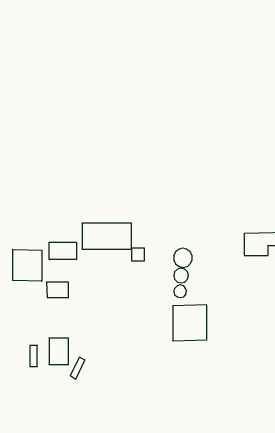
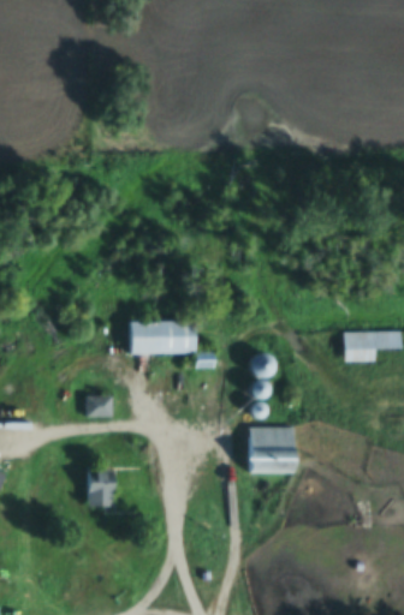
building: [49,242,76,260] -> none
building: [13,249,42,281] -> none

